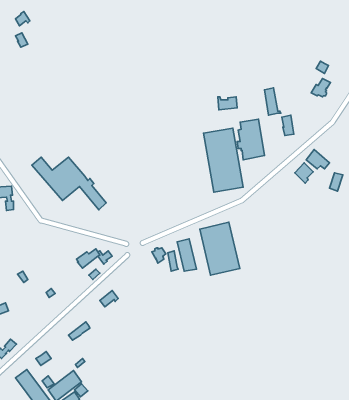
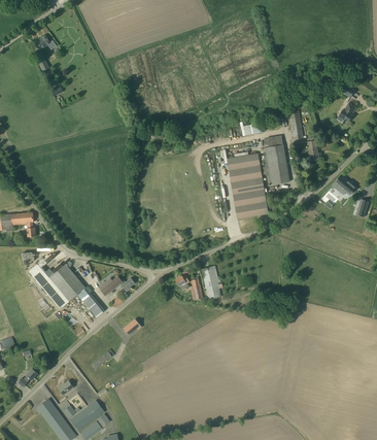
building: [32,157,106,210] -> [29,263,104,316]
building: [200,222,240,275] -> none

